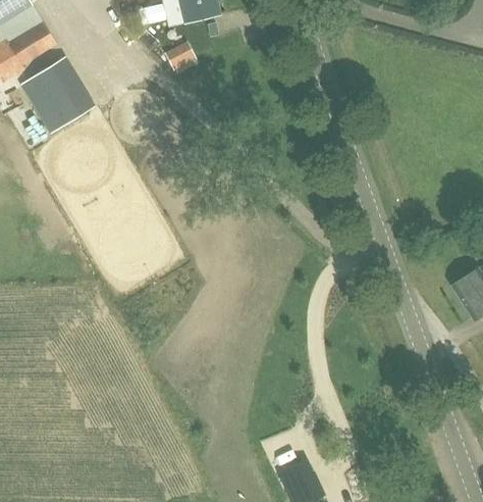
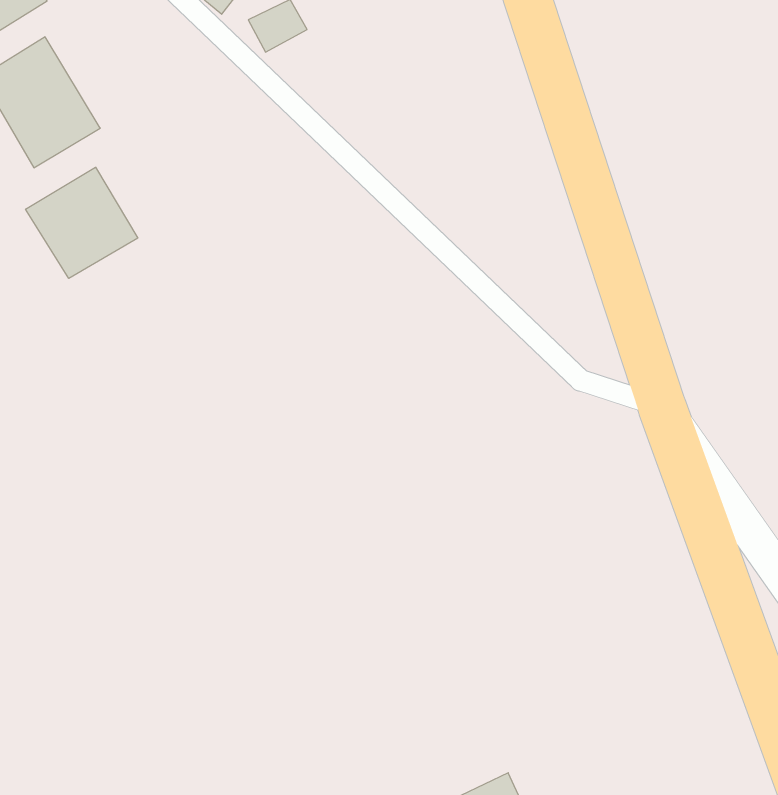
building: none -> [26,167,138,278]

